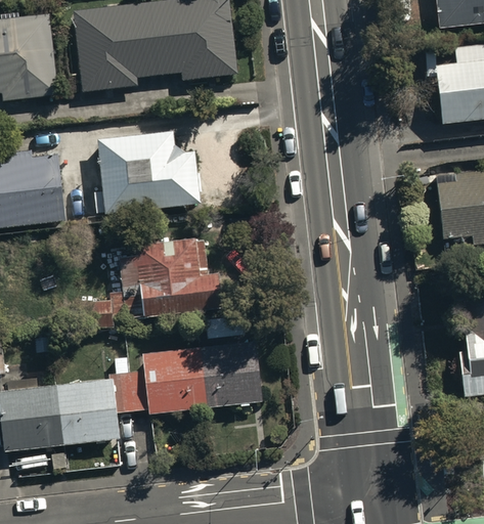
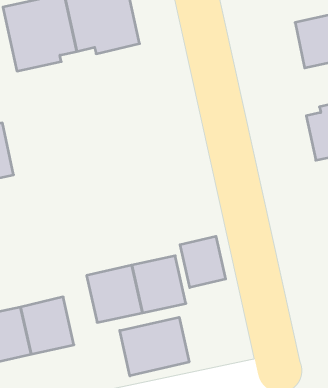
building: [98,129,202,212] -> none
building: [87,235,222,330] -> none
building: none -> [180,236,226,288]
building: none -> [120,317,189,376]

